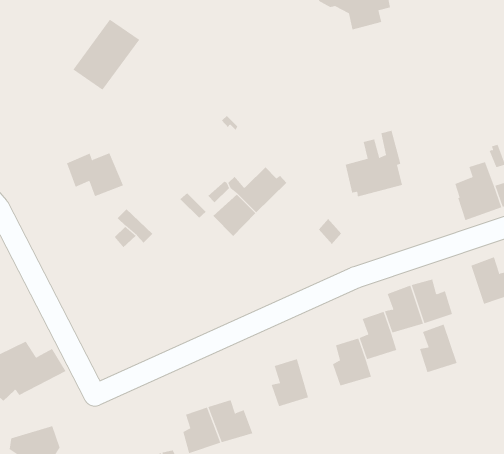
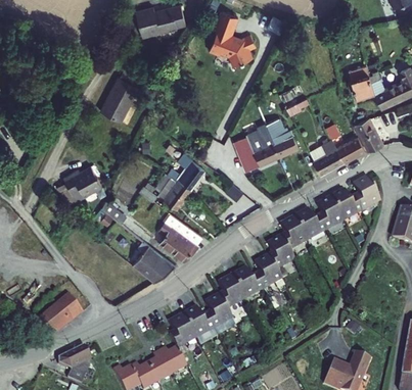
building: [72,19,140,90] -> [98,74,138,119]
building: none -> [267,118,301,157]
building: none -> [159,211,202,257]
building: none -> [135,243,176,279]
building: [419,324,457,373] -> [317,201,342,234]
building: none -> [230,272,260,301]
building: none -> [201,297,228,330]

